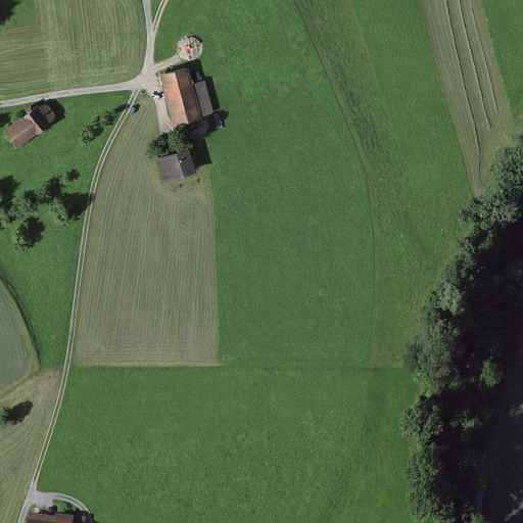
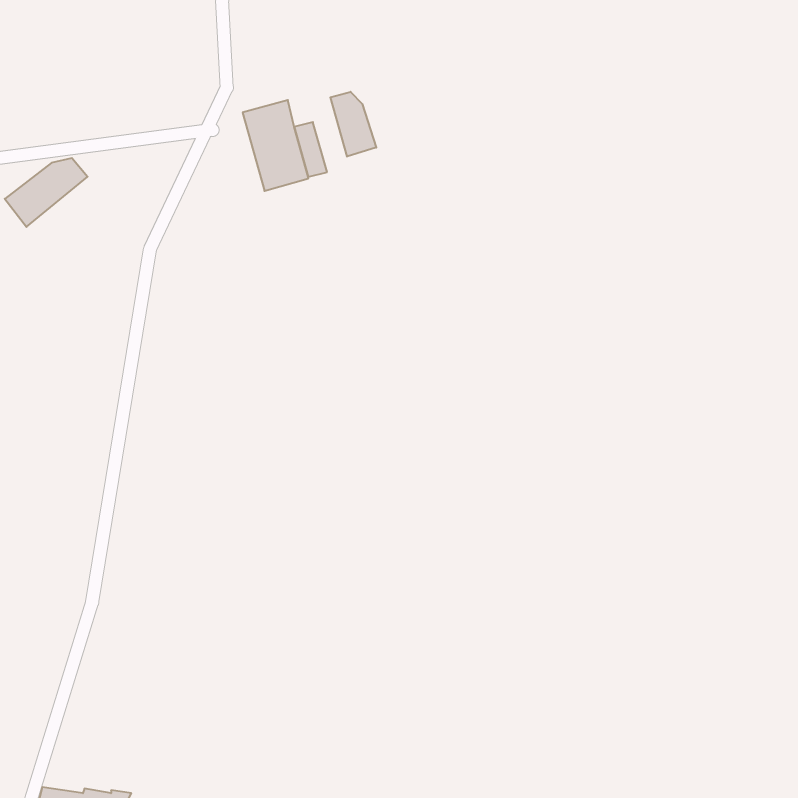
building: none -> [330,92,376,157]
building: [154,148,196,183] -> none

